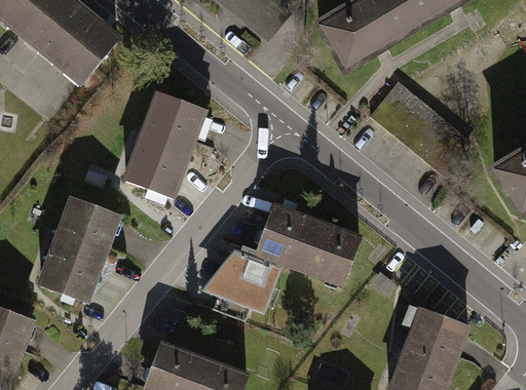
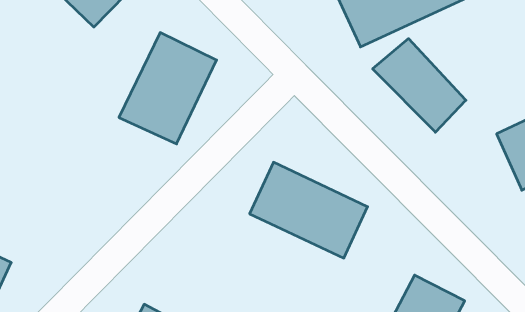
building: [34,196,126,309] -> none
building: [197,244,279,310] -> none

